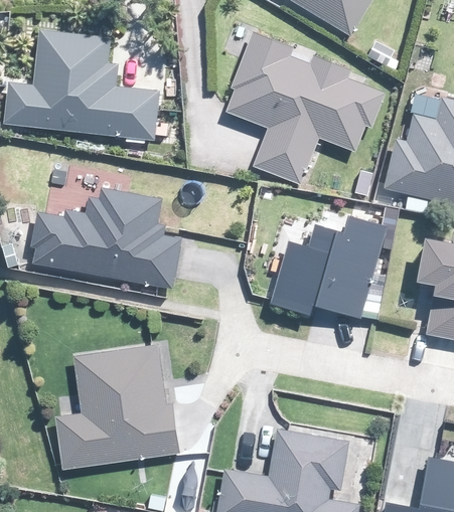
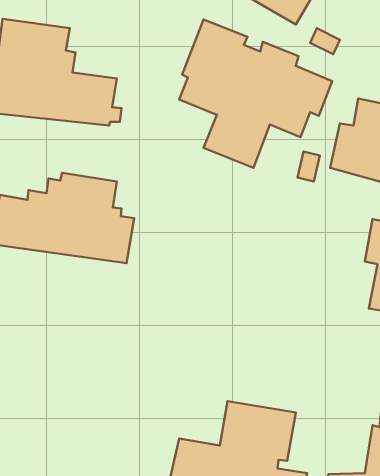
building: [270,219,384,319] -> none
building: [55,341,182,471] -> none

